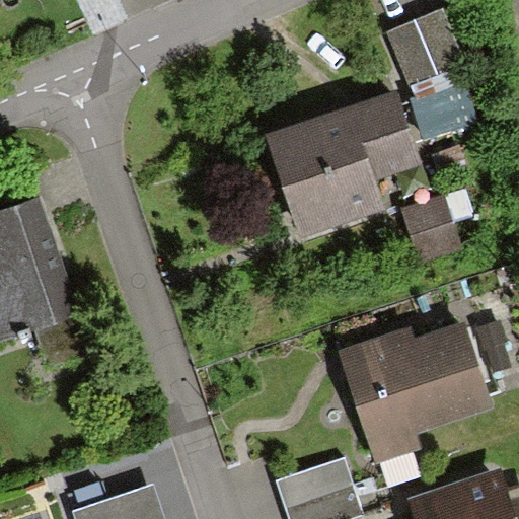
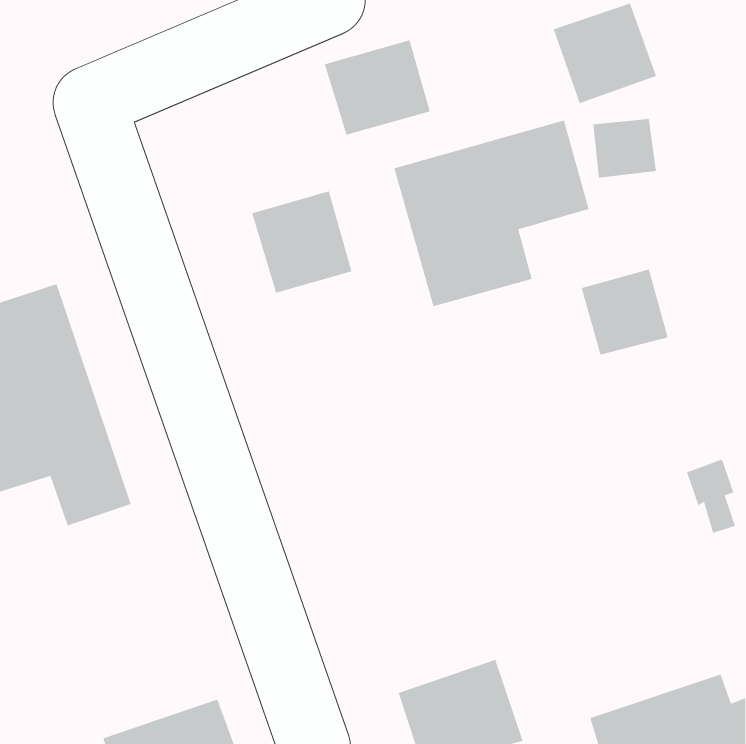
building: none -> [324,39,430,136]
building: none -> [252,190,352,293]
building: [340,323,496,464] -> none

